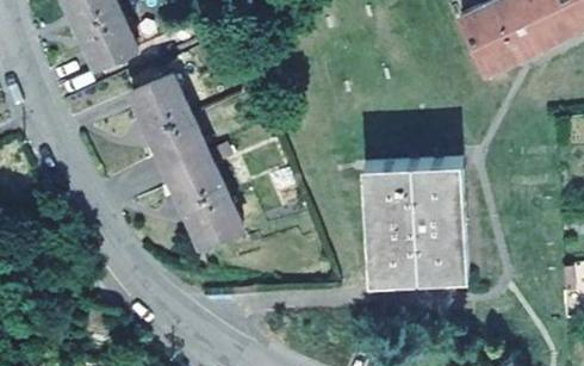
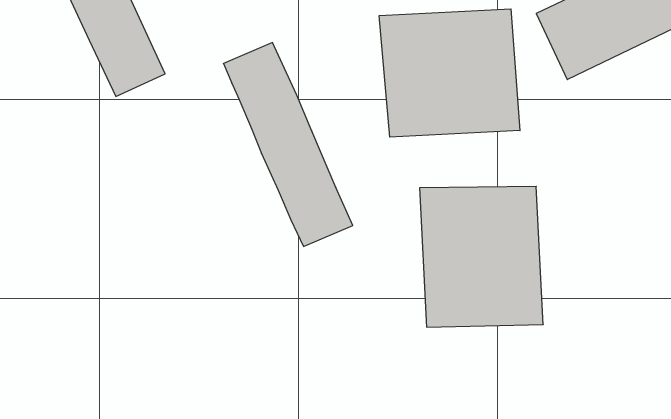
building: none -> [379,9,520,137]
building: [132,77,242,250] -> [223,43,353,246]

